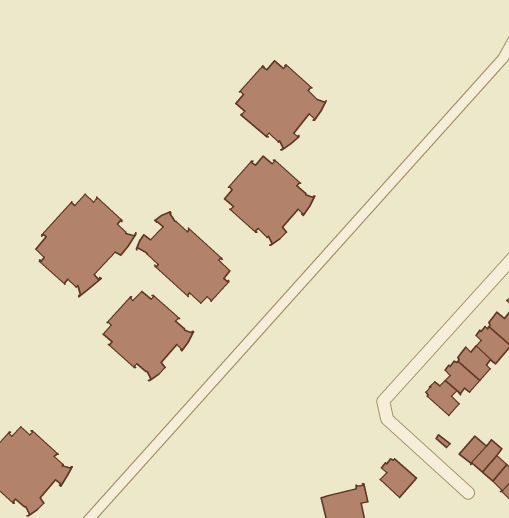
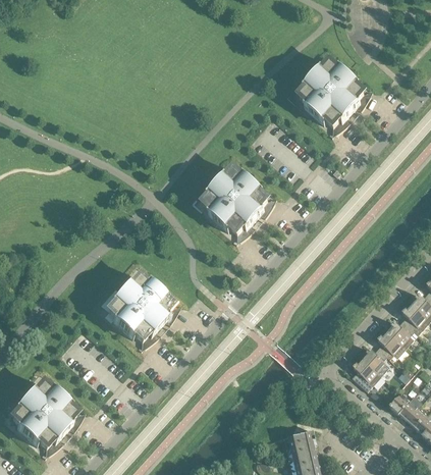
building: [236,61,326,150] -> [298,63,369,134]
building: [36,194,136,297] -> none
building: [136,212,230,303] -> none
building: [380,459,416,497] -> [351,360,379,390]

